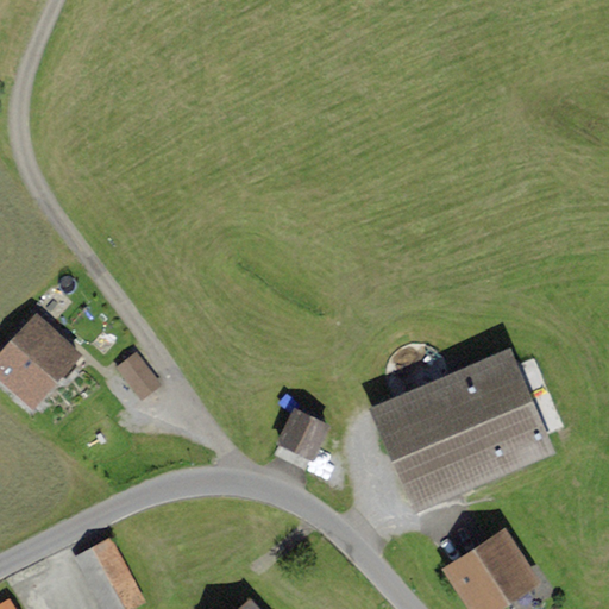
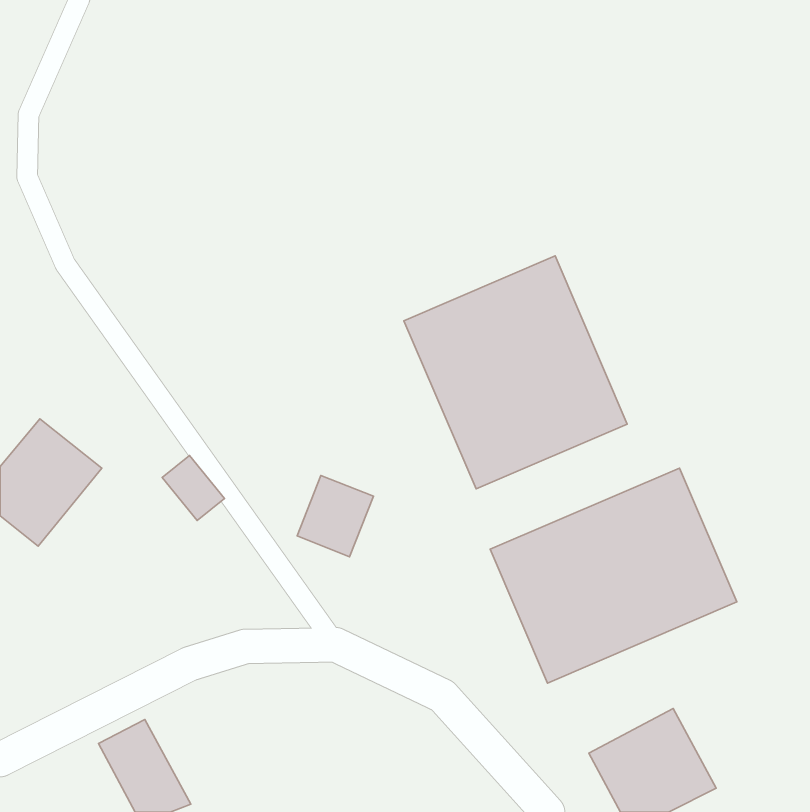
building: none -> [404,256,627,489]
building: [276,406,333,466] -> [297,475,373,557]

